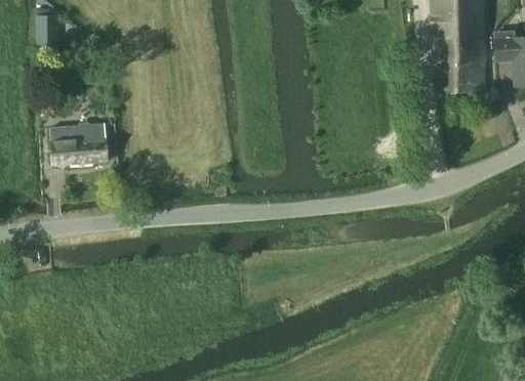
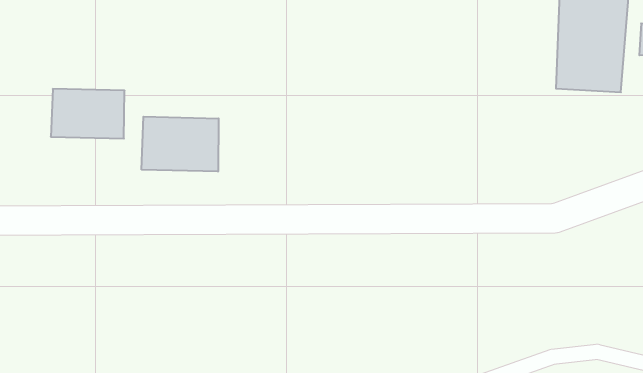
building: none -> [142,117,219,172]

